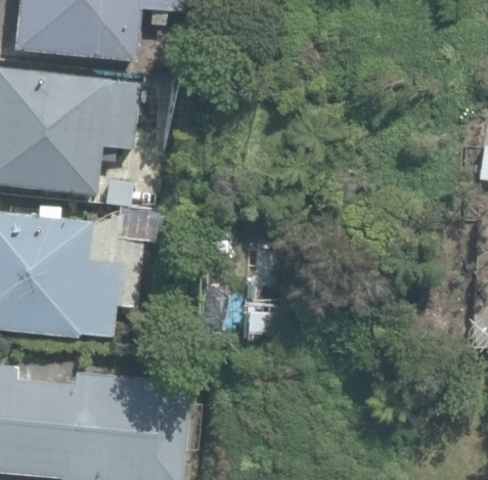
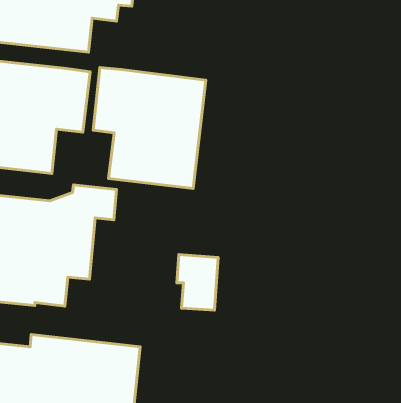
building: none -> [93,68,206,188]

